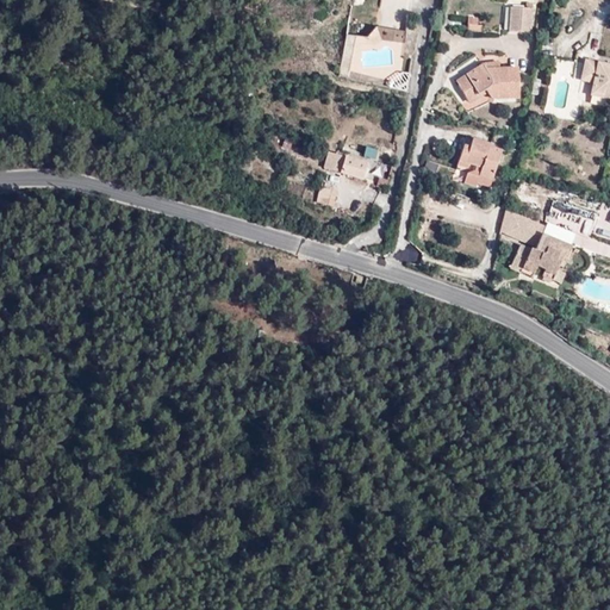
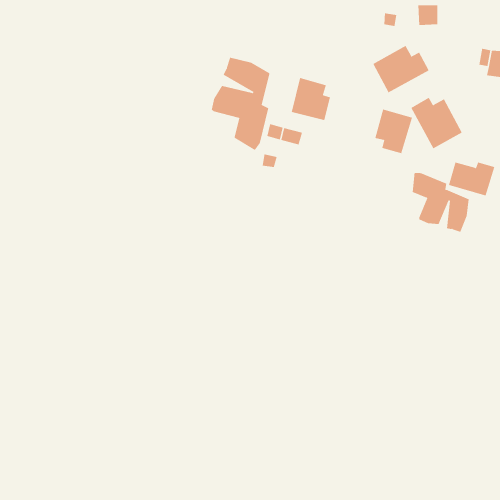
building: none -> [211,57,270,151]
building: none -> [291,77,331,121]
building: none -> [410,97,462,149]

